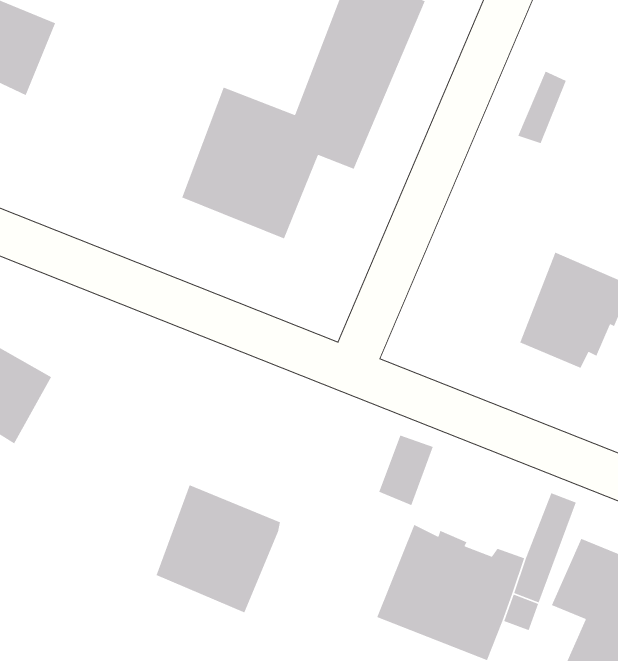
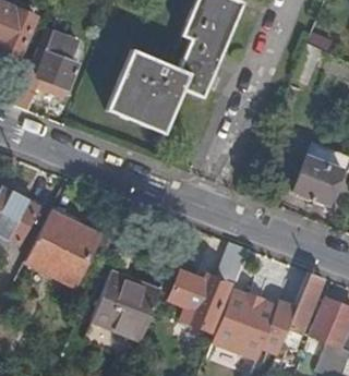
building: none -> [22,38,79,101]
building: none -> [25,208,101,287]
building: none -> [159,268,229,329]

